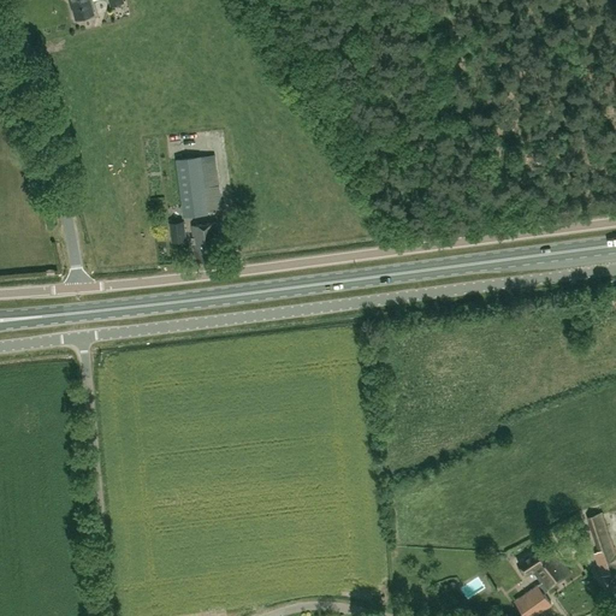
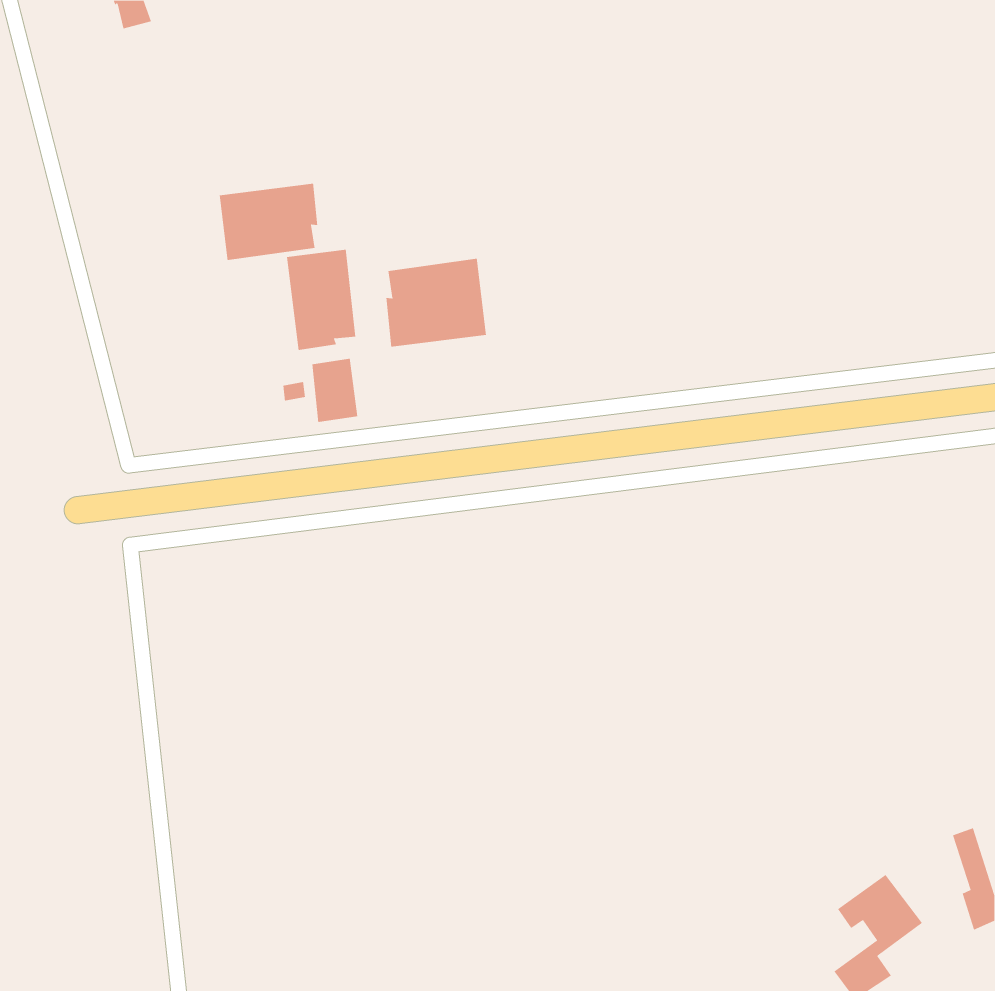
building: none -> [219,183,318,261]
building: none -> [386,258,486,347]

